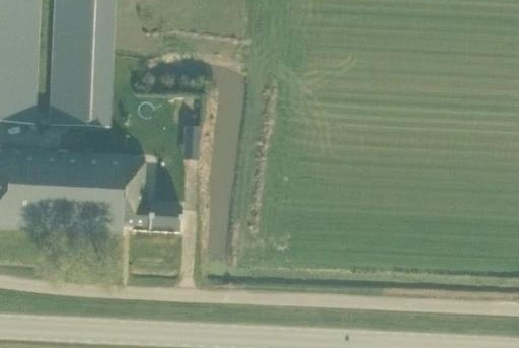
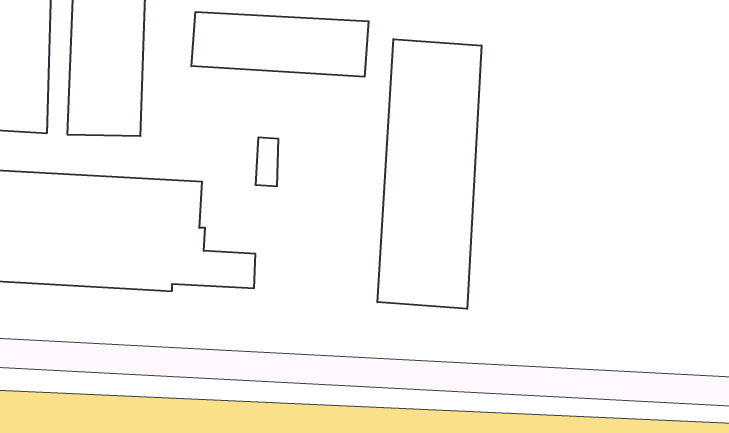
building: none -> [191,12,369,77]
building: none -> [377,39,481,309]

